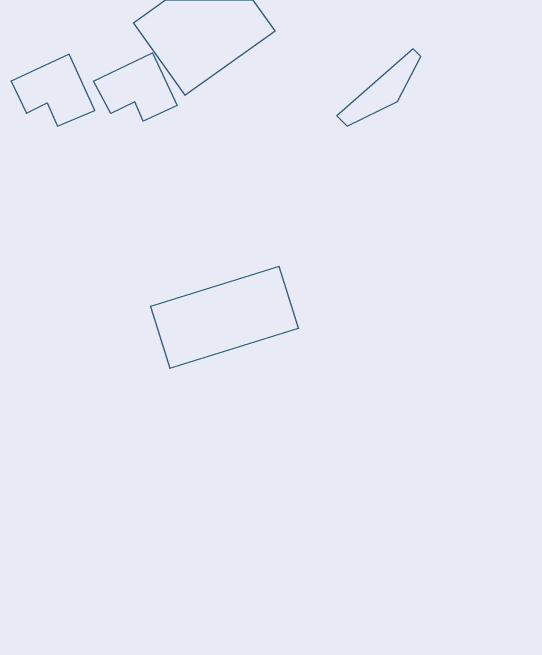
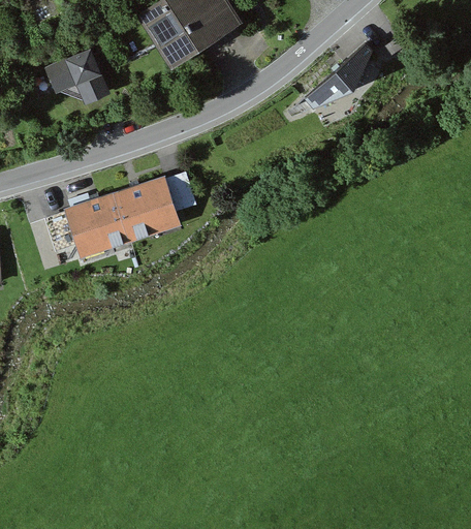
building: [94,53,177,121] -> none
building: [150,267,299,368] -> [62,176,181,257]

